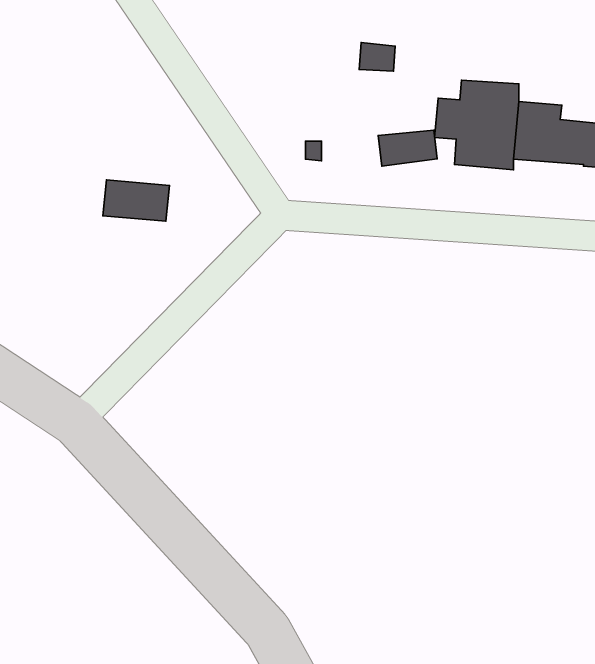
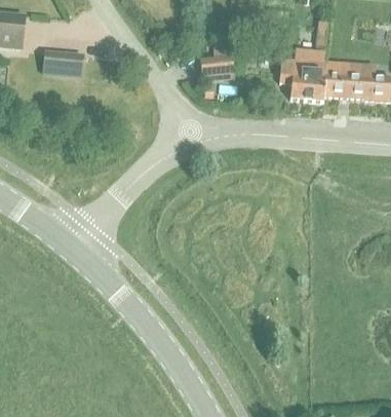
building: [378,130,437,166] -> [199,55,233,76]
building: [103,180,169,221] -> [44,51,82,75]

